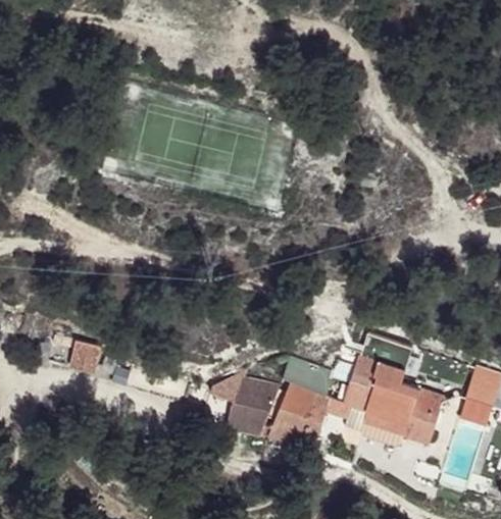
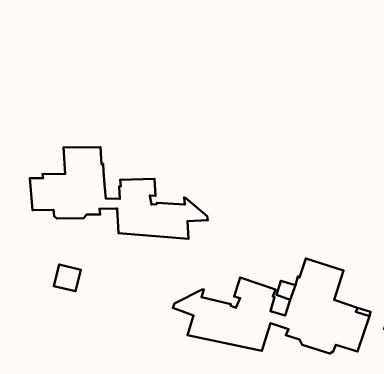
building: none -> [30,147,208,239]

